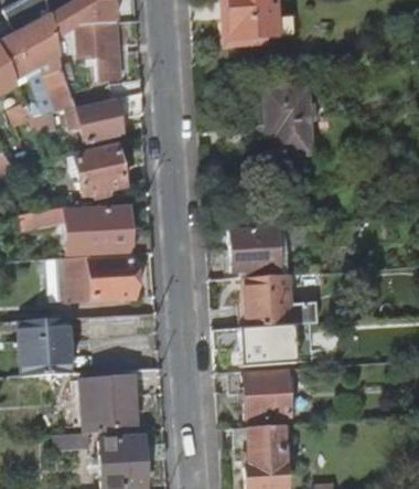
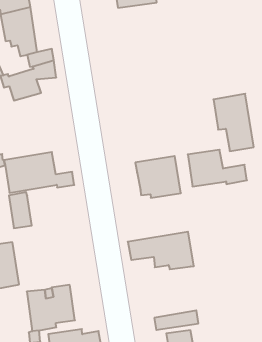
building: [265,81,310,151] -> [213,94,254,151]
building: [74,141,123,193] -> none
building: [90,257,132,298] -> none
building: [244,280,315,325] -> [188,150,247,186]
building: [228,368,302,417] -> none

